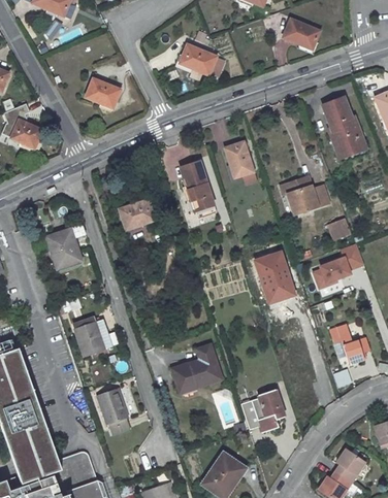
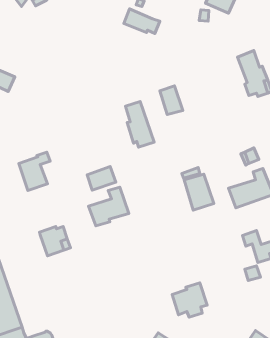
building: [86,78,120,107] -> none
building: [285,176,329,213] -> none
building: [120,199,156,229] -> [87,167,116,190]
building: [171,344,222,393] -> [89,187,129,226]
building: [97,388,130,433] -> none

